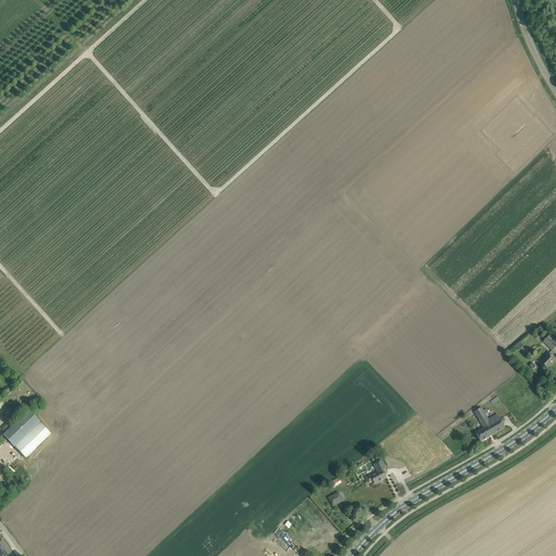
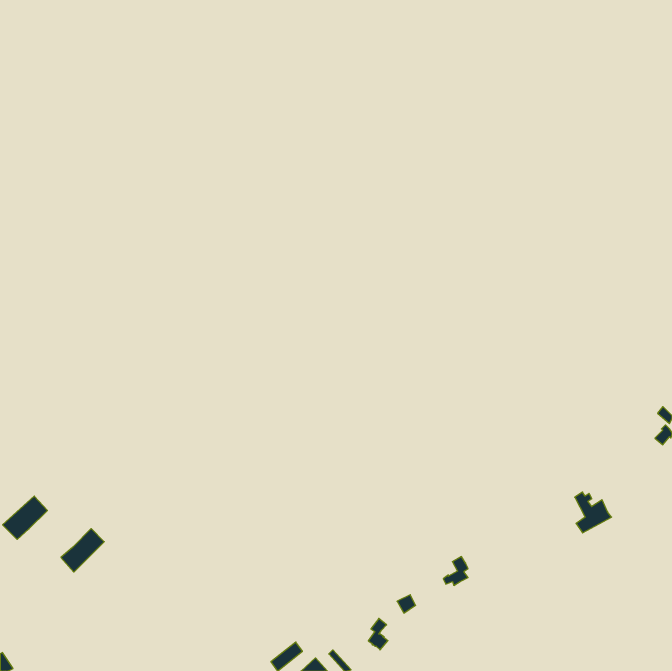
building: [14,421,50,457] -> [61,529,104,572]

